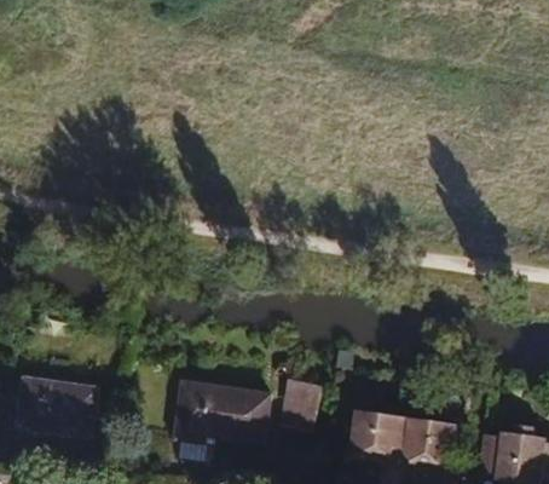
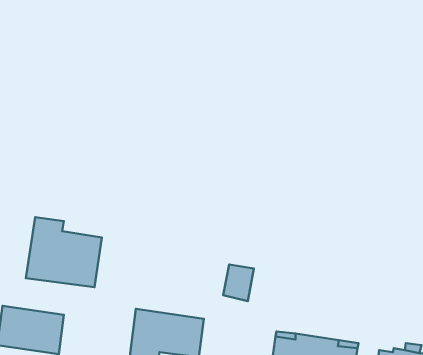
building: none -> [26,217,102,287]
building: [281,381,318,426] -> [223,265,254,301]

